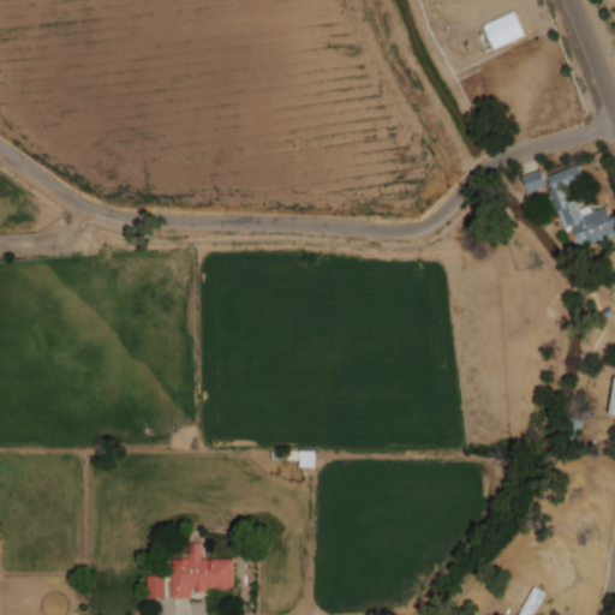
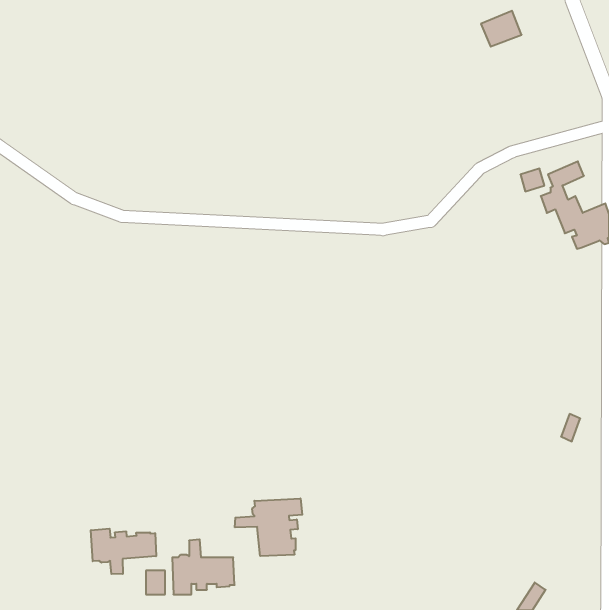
building: none -> [235,498,302,556]
building: none -> [91,529,156,574]

